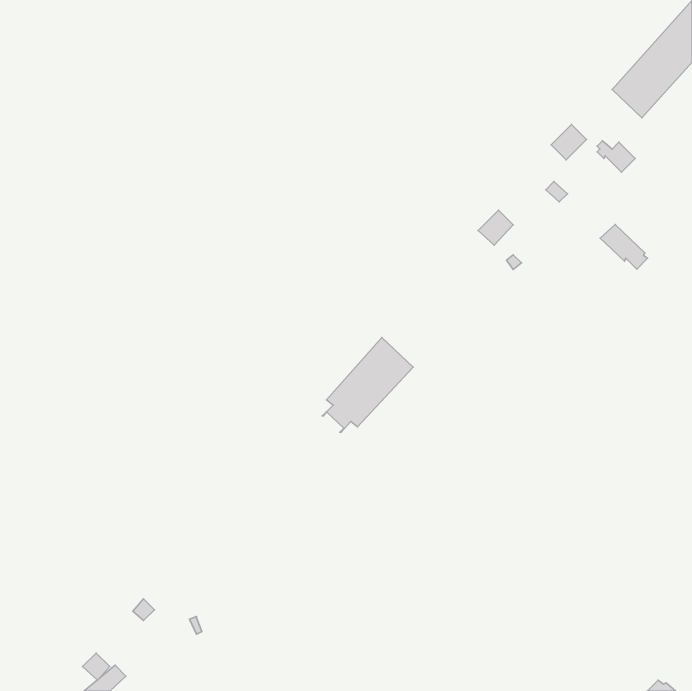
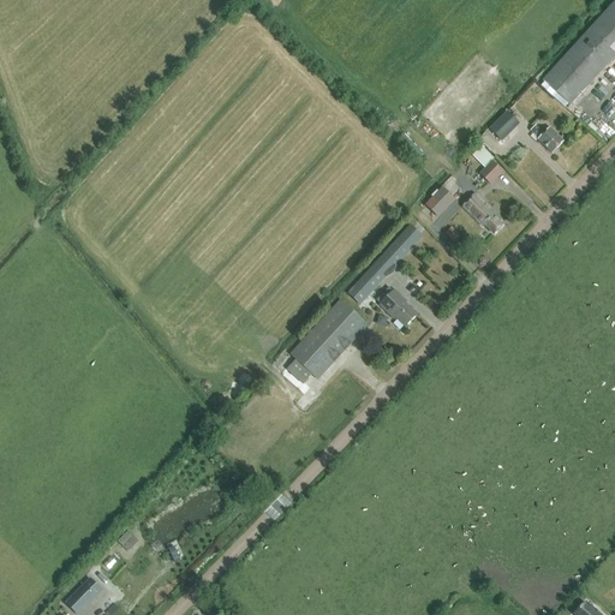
building: [600,224,648,269] -> [461,193,503,233]
building: none -> [347,225,422,304]
building: none -> [377,289,417,327]

